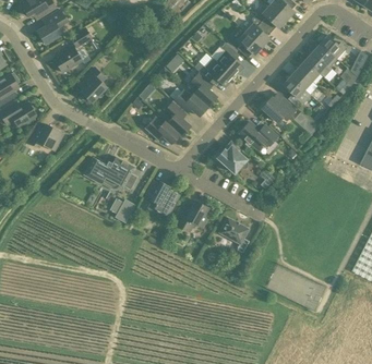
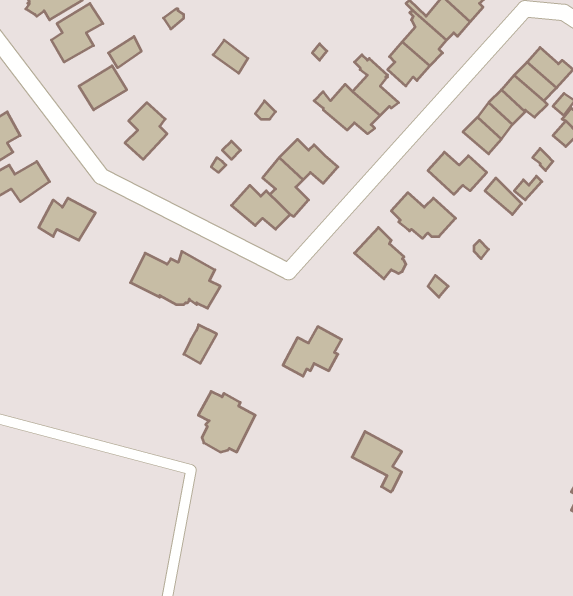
building: [189,72,216,106] -> none
building: [145,180,179,216] -> [198,391,255,452]
building: [219,217,249,253] -> [352,431,402,492]

